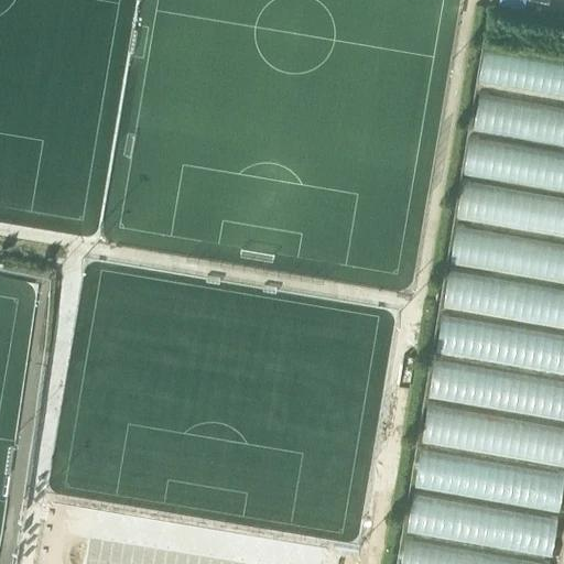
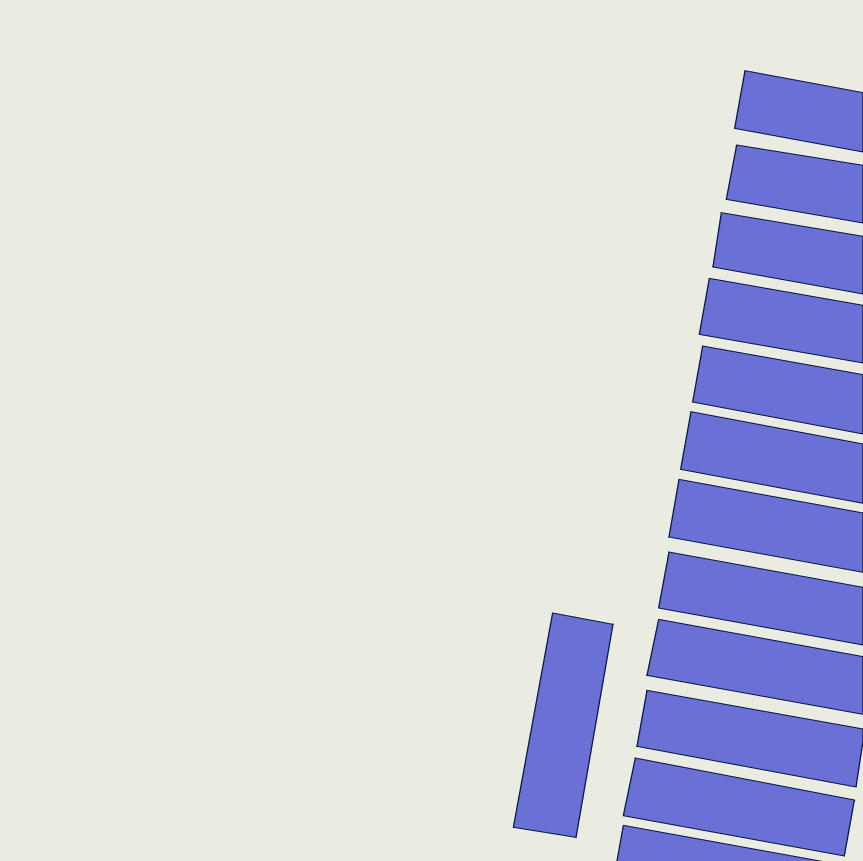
building: none -> [514,613,613,838]

